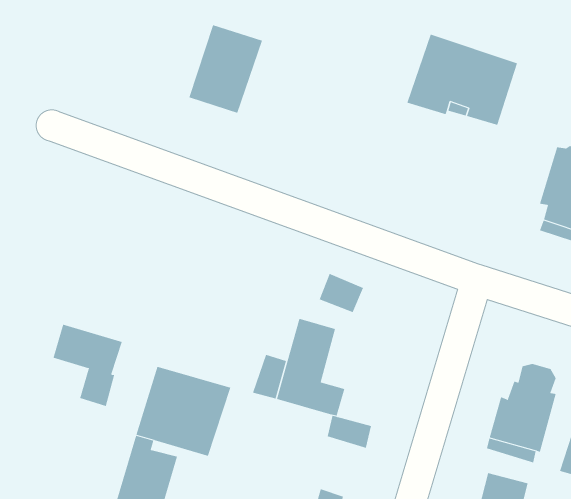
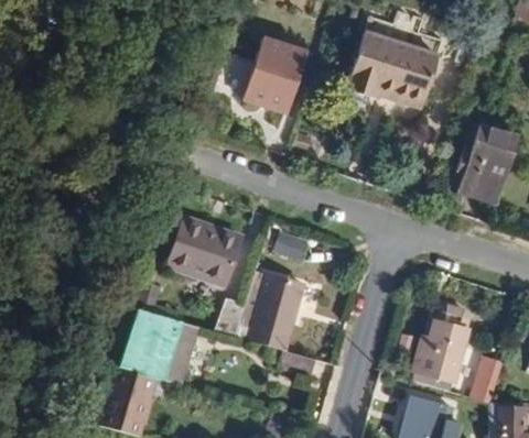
building: [189,25,263,114] -> [244,40,305,113]
building: none -> [169,215,242,285]
building: [53,324,122,407] -> none

